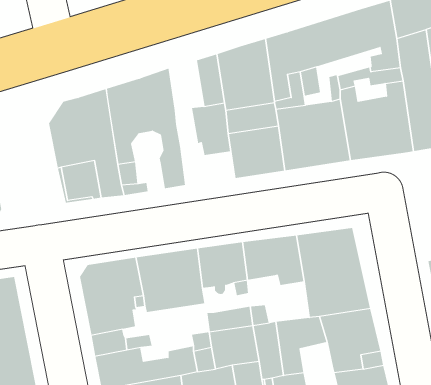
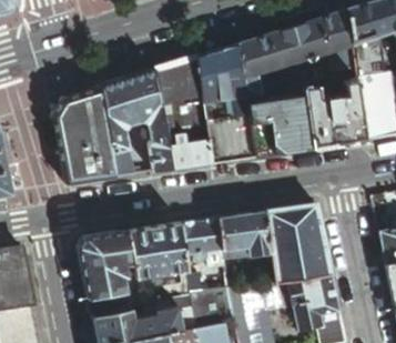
building: none -> [156,62,186,105]
building: none -> [166,133,213,170]

